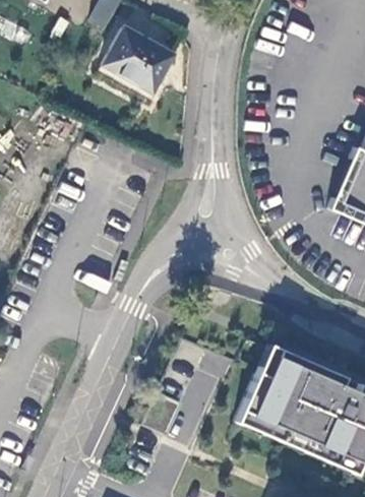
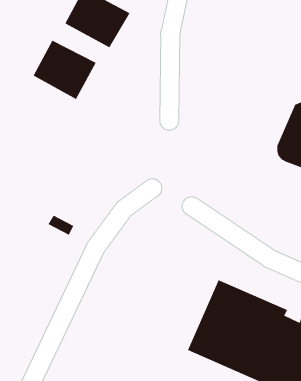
building: none -> [33,40,97,100]

